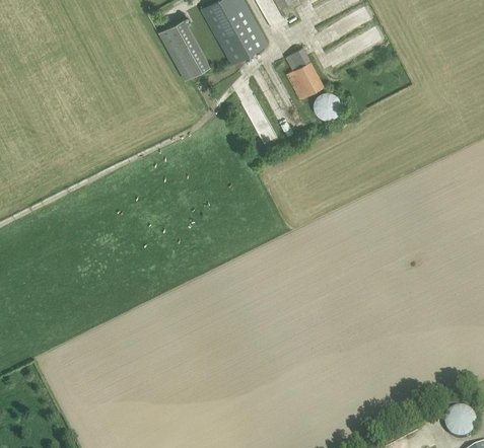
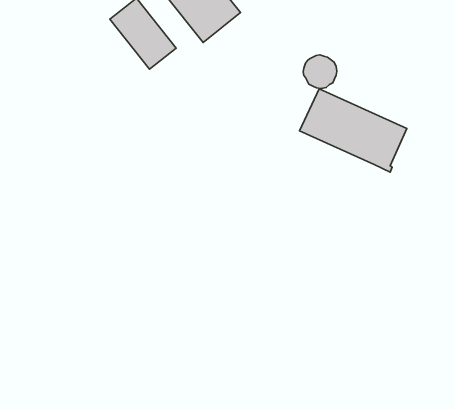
building: [285,47,324,98] -> none
building: none -> [300,89,407,172]

